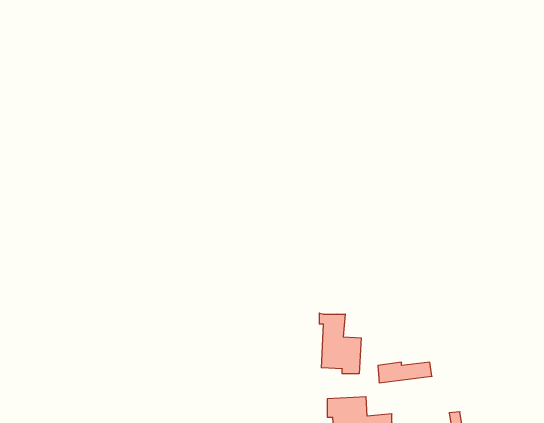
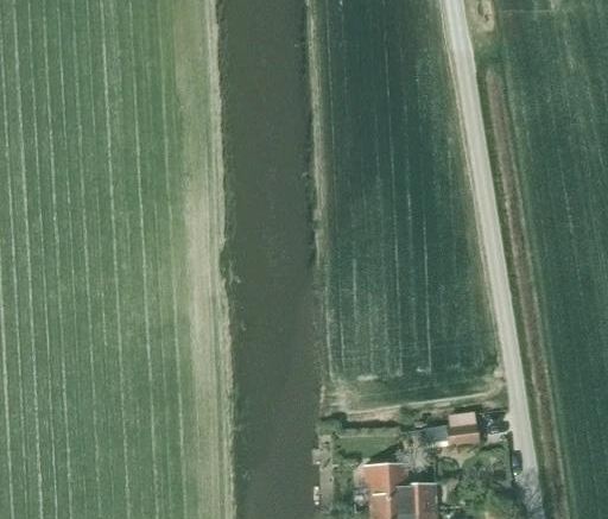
building: [319,313,361,374] -> none

